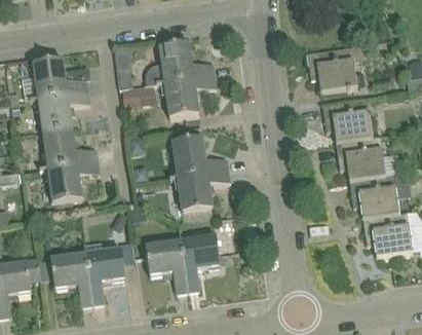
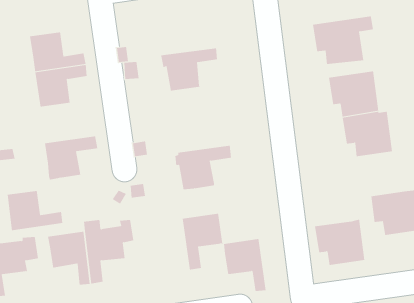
building: [145,42,215,84] -> none
building: [43,127,98,166] -> [7,190,63,231]
building: [171,137,228,176] -> none
building: [349,173,398,218] -> [314,219,365,266]
building: [146,239,188,291] -> [223,239,267,292]

